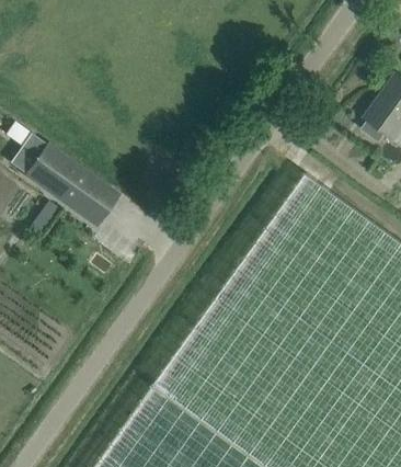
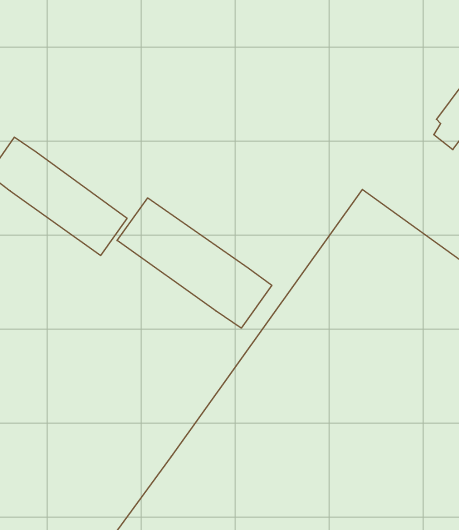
building: none -> [117,198,272,328]

